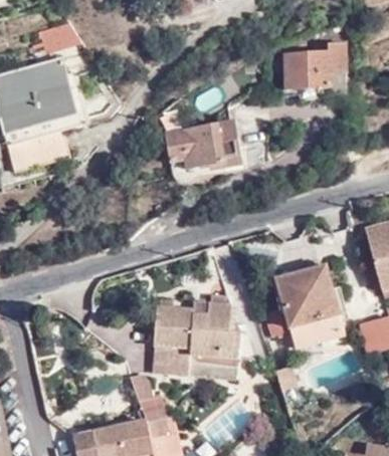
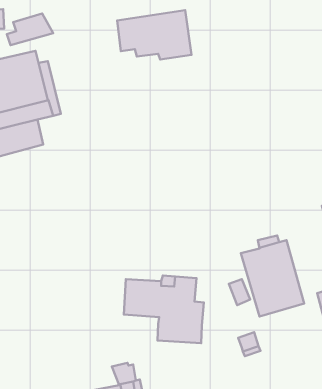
building: [280,41,345,98] -> none
building: [157,121,237,174] -> [117,10,192,59]
building: [151,347,191,375] -> none

